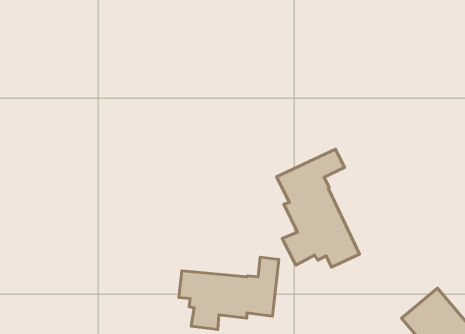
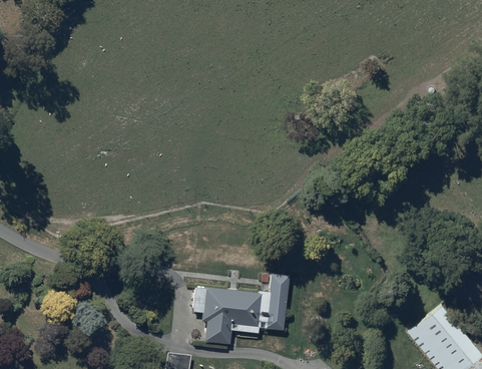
building: [276,149,359,267] -> none

